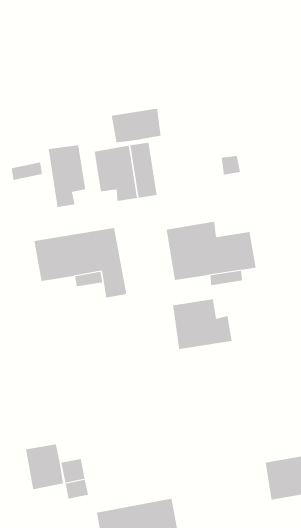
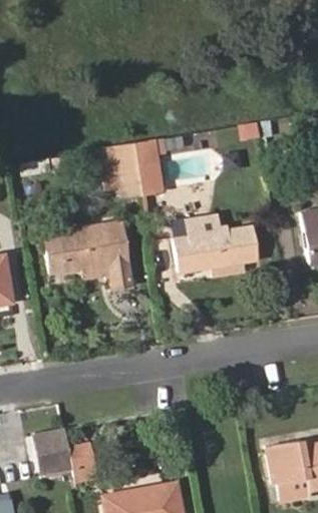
building: [111,108,161,143] -> none
building: [48,145,86,208] -> none
building: [173,299,232,350] -> none

